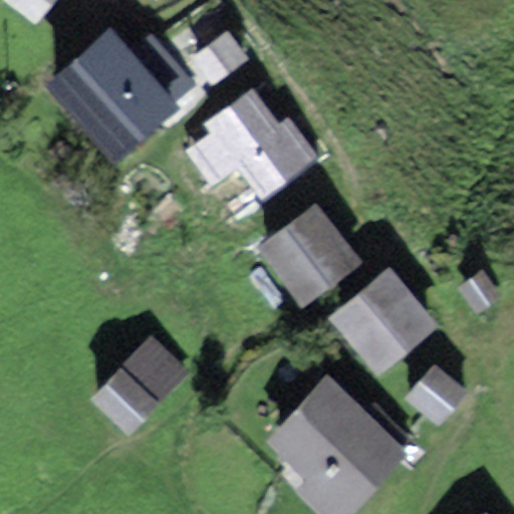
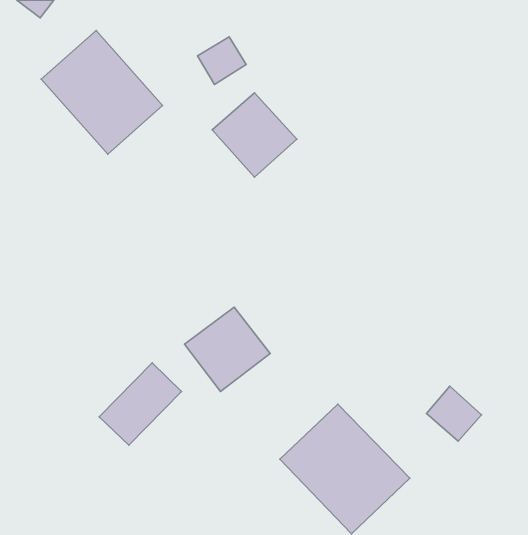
building: [267,212,348,292] -> [184,307,270,392]
building: [340,279,426,365] -> none

